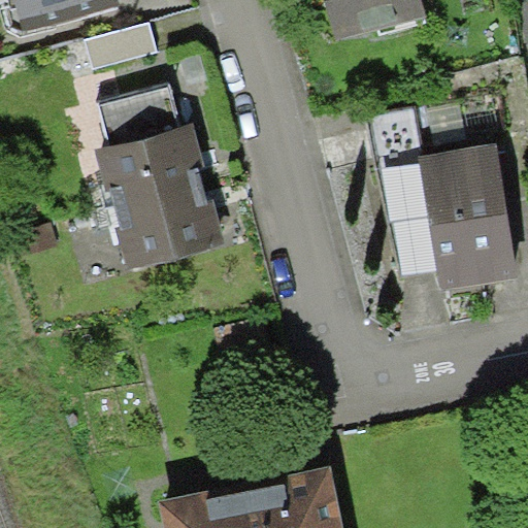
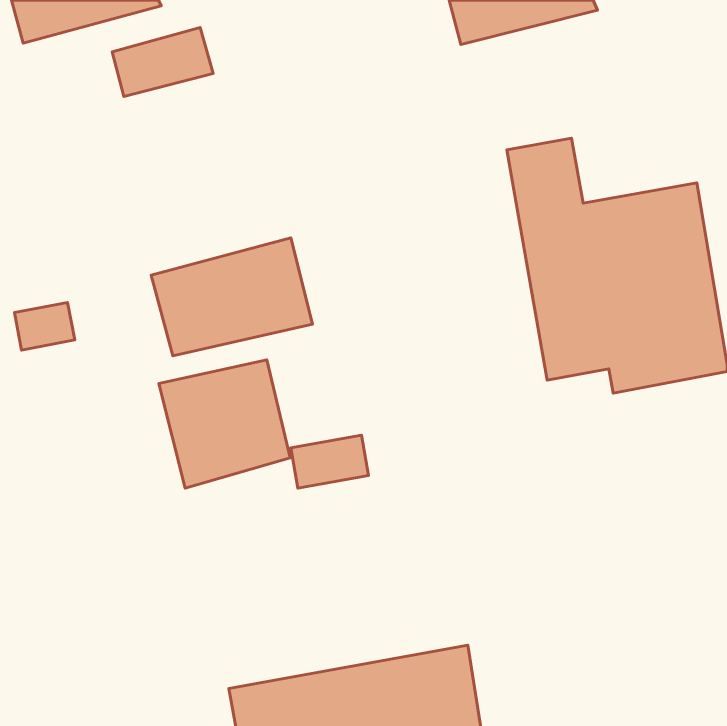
building: [92,86,208,204] -> none
building: none -> [159,360,290,488]

